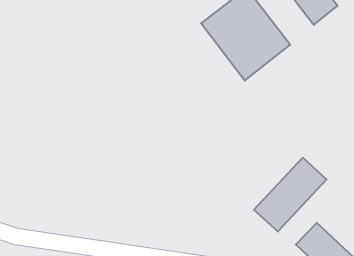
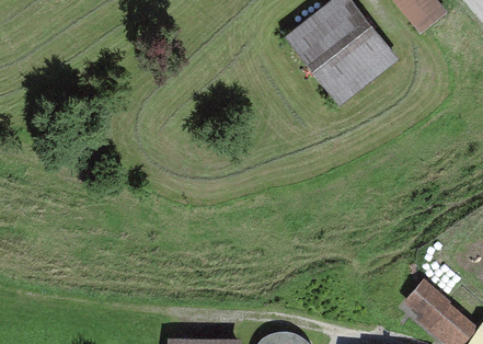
building: [254,158,327,232] -> none

